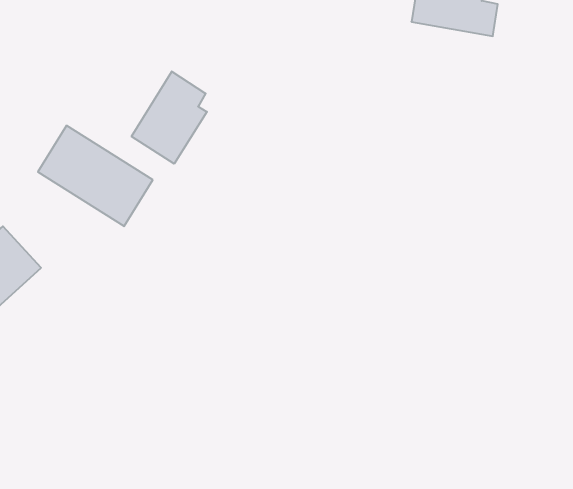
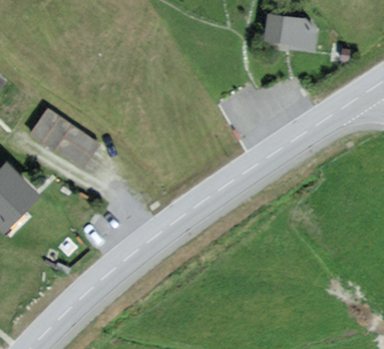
building: [132,71,207,164] -> none

